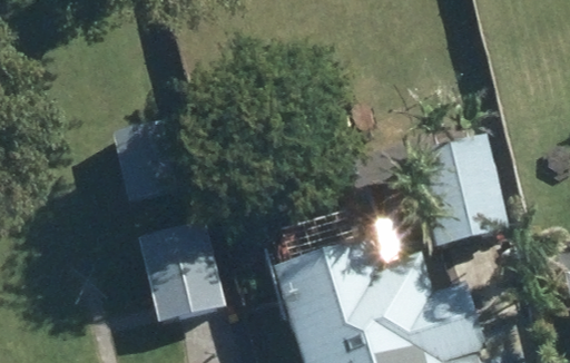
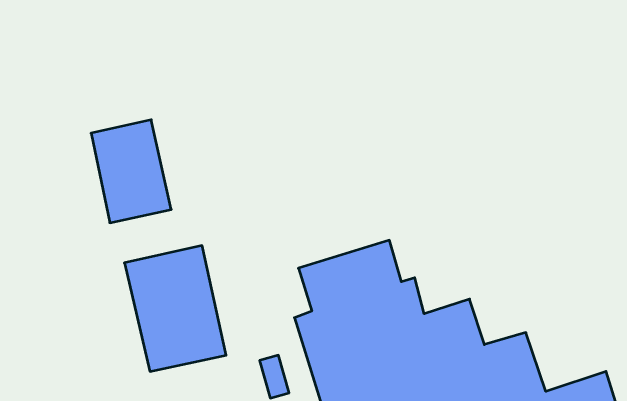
building: [414,141,510,253] -> none

